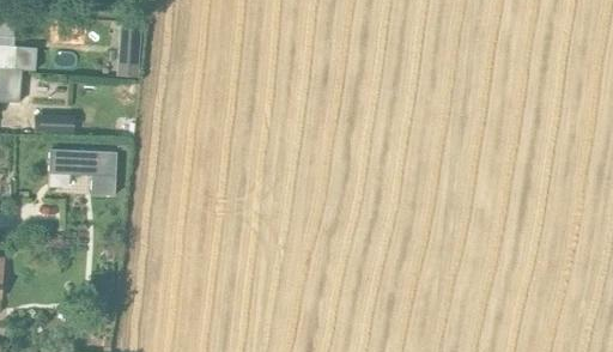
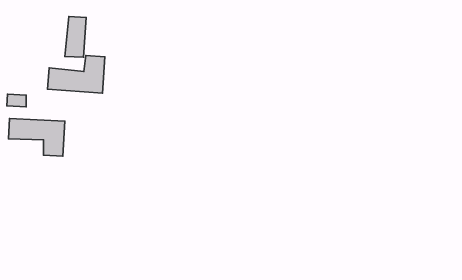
building: none -> [48,55,105,93]

